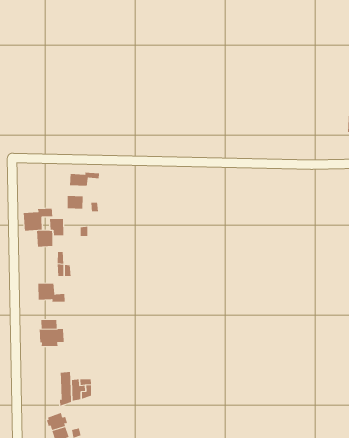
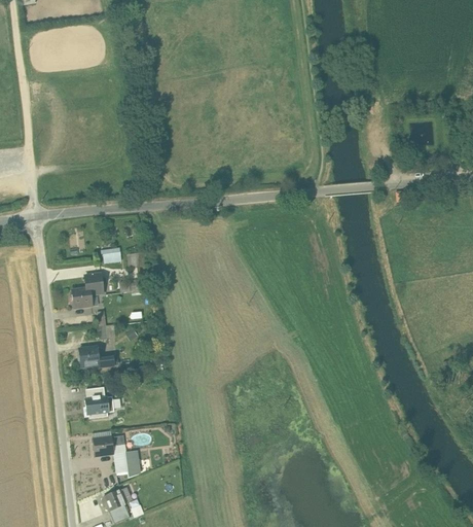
building: [70,172,99,186] -> none
building: [23,208,53,231] -> none
building: none -> [93,434,124,455]

